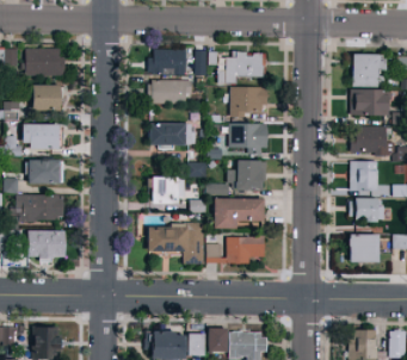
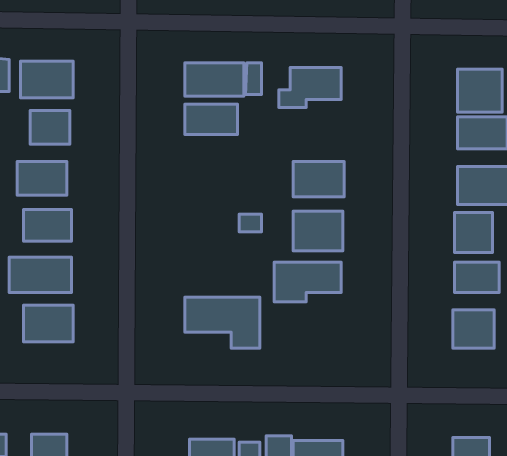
building: [230,87,267,114] -> none
building: [148,122,195,147] -> none
building: [152,176,184,203] -> none
building: [209,236,265,262] -> none

